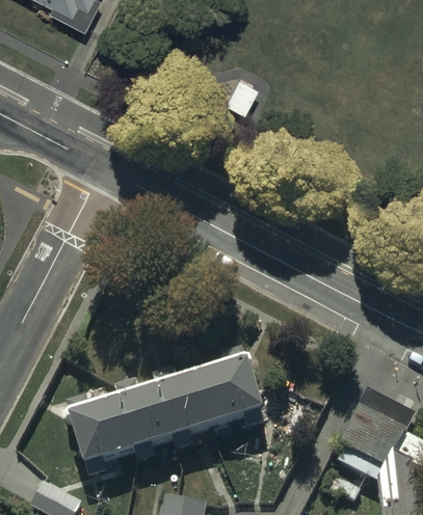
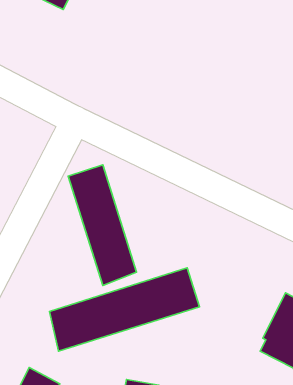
building: none -> [68,165,137,286]

